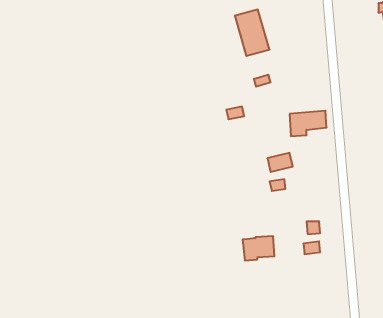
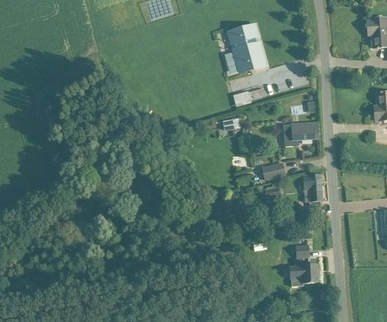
building: none -> [303,174,322,201]
building: [243,236,274,260] -> [289,263,319,286]

